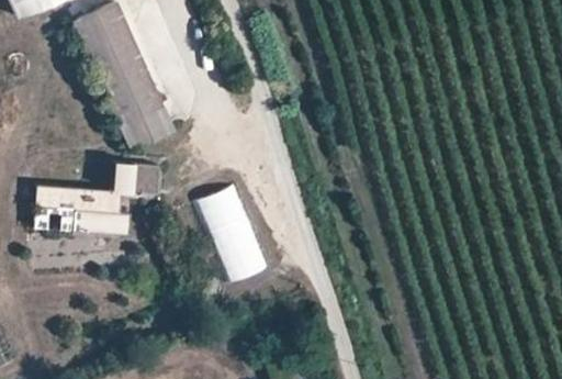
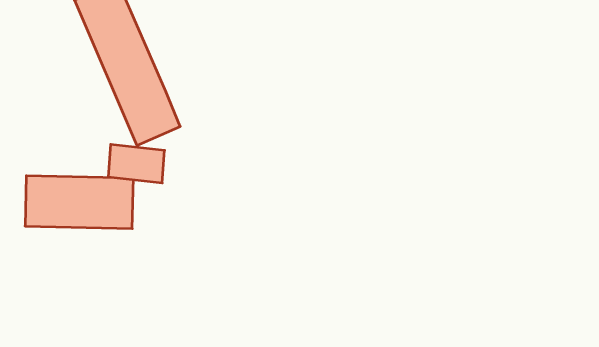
building: [195,183,269,286] -> none

